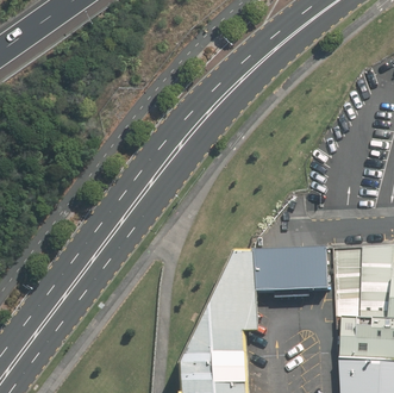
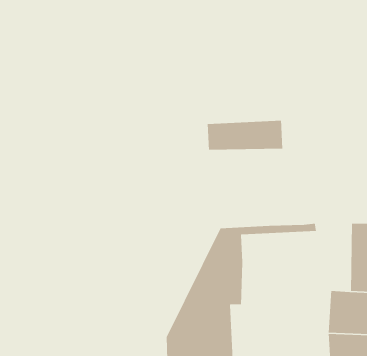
building: [334,250,361,317] -> none
building: [255,258,329,288] -> [207,120,283,150]

